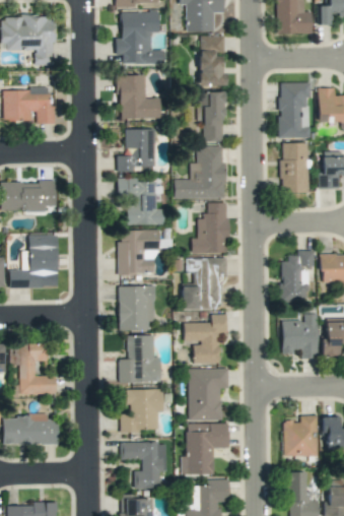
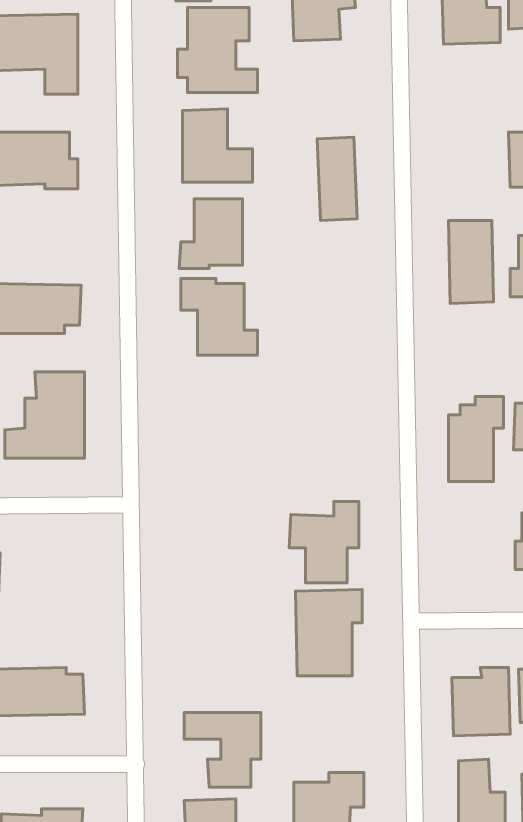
building: [199,36,225,86] -> none
building: [279,82,311,138] -> none
building: [175,146,225,198] -> none
building: [192,202,228,254] -> none
building: [118,230,159,274] -> none
building: [182,258,226,309] -> none
building: [119,285,154,330] -> none
building: [282,314,319,359] -> none
building: [119,335,161,383] -> none
building: [14,343,56,394] -> none
building: [121,388,163,432] -> none
building: [182,424,228,474] -> none

